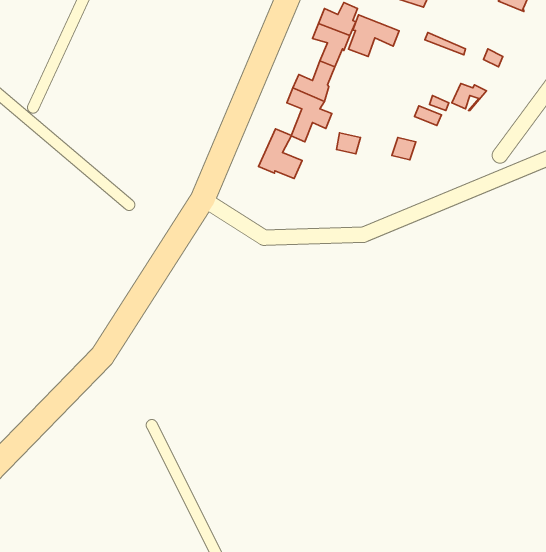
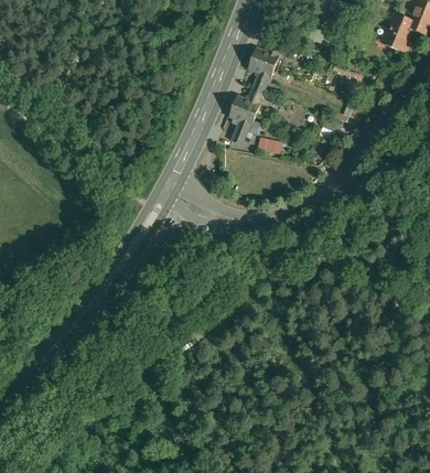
building: [349,15,399,57] -> none
building: [259,129,302,179] -> none

